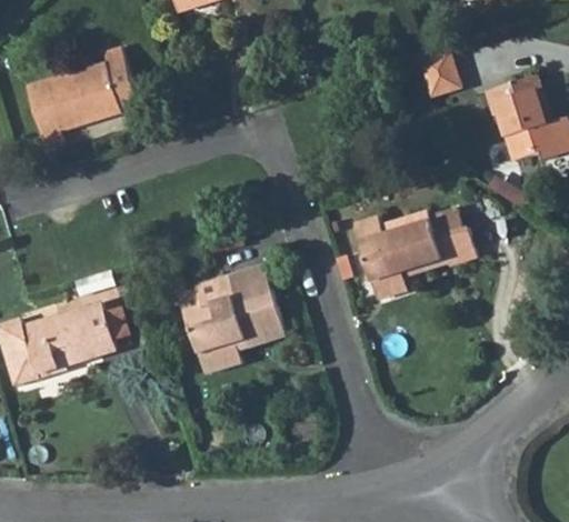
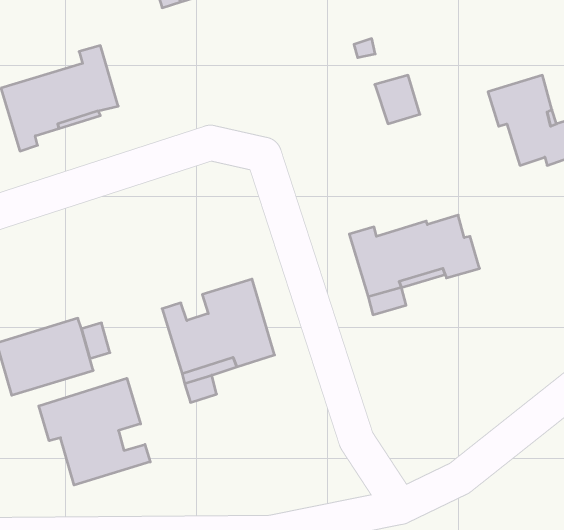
building: [416,50,458,96] -> [375,75,420,124]
building: none -> [39,378,150,485]

